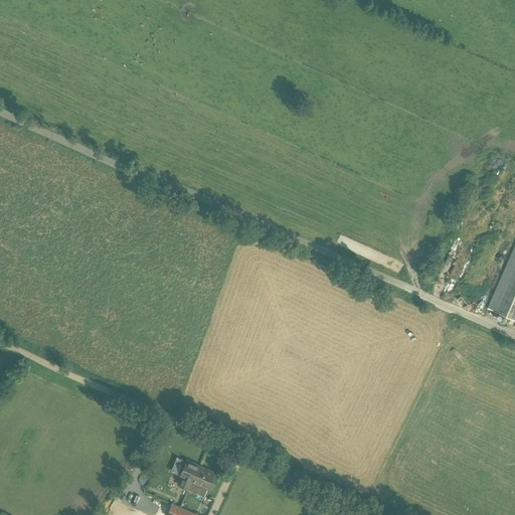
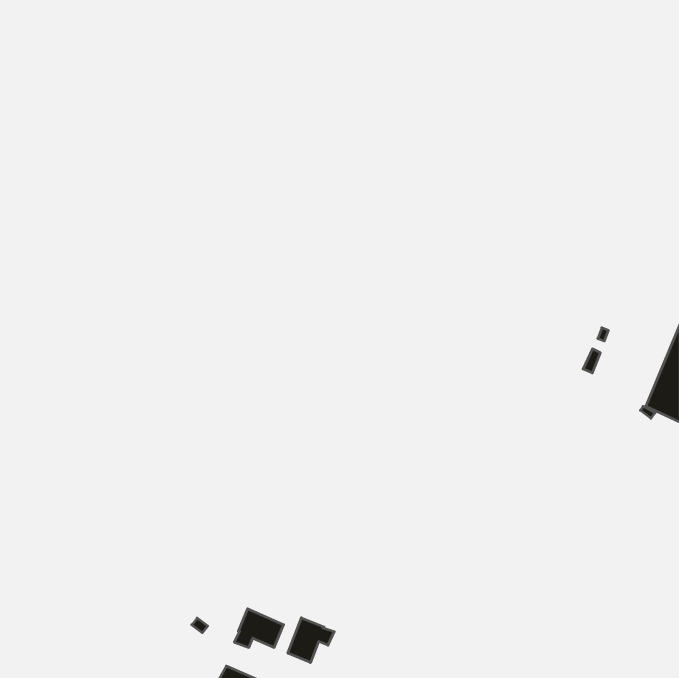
building: none -> [288,618,334,663]

